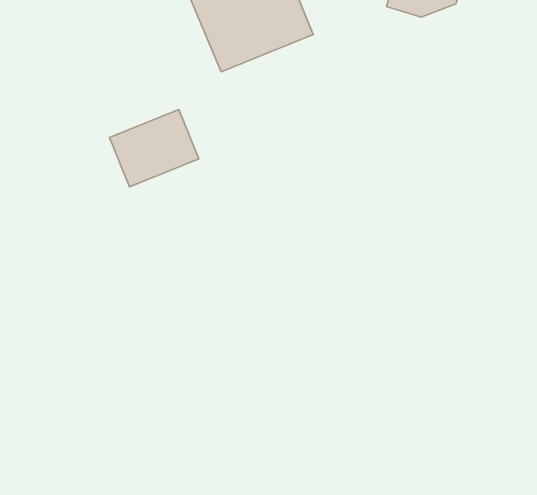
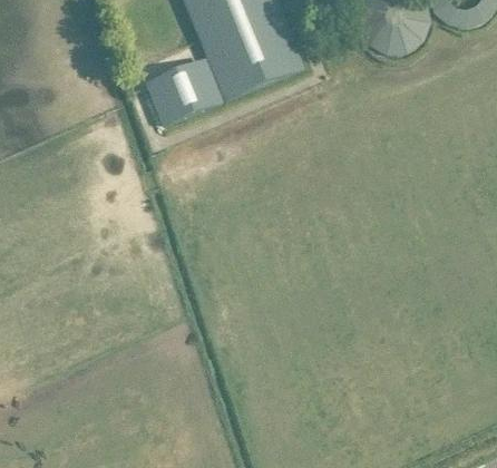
building: [110,109,199,187] -> [147,60,222,125]

